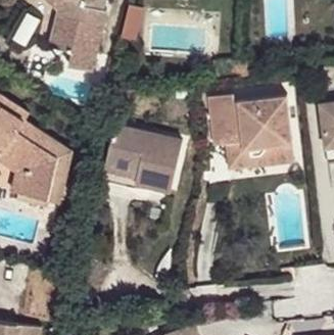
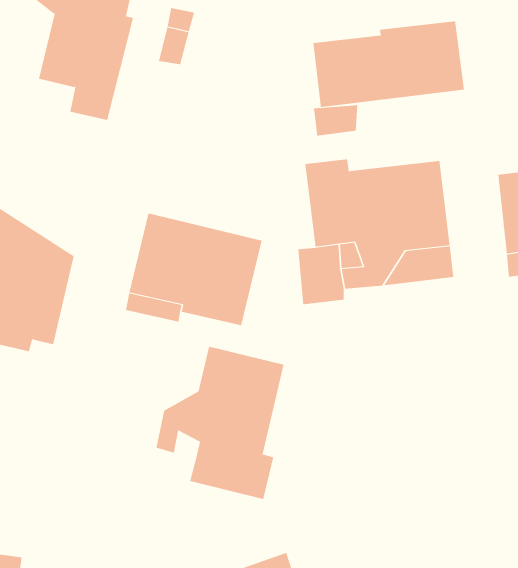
building: none -> [313,20,464,108]
building: none -> [156,346,284,500]

